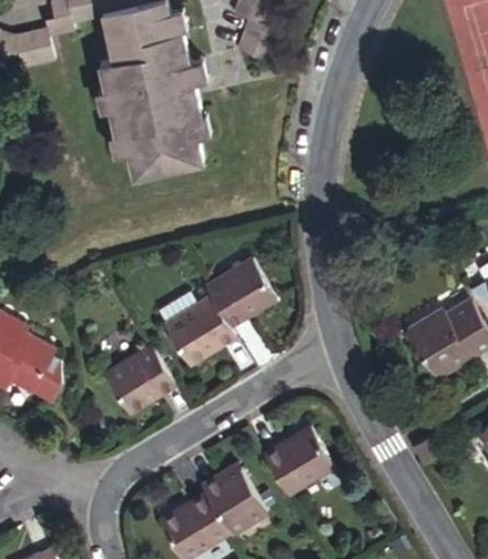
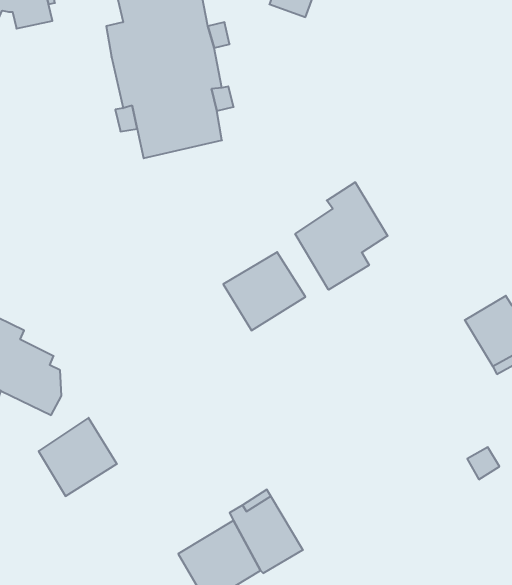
building: none -> [295,182,388,290]
building: [153,292,231,366] -> none
building: [103,347,171,415] -> [39,418,117,496]
building: [266,428,338,496] -> none

